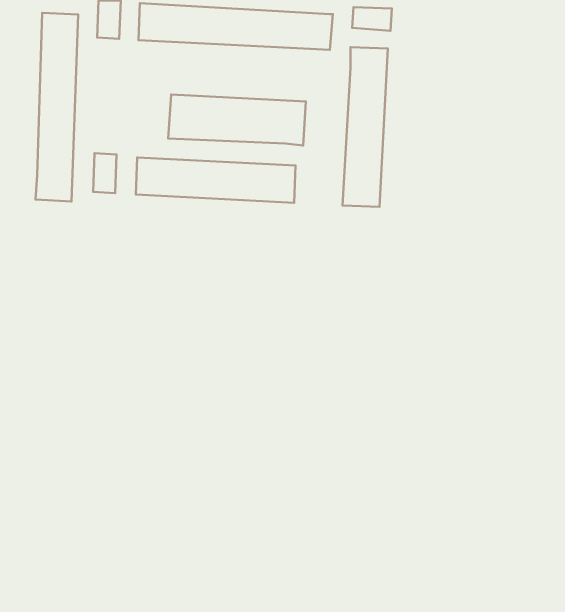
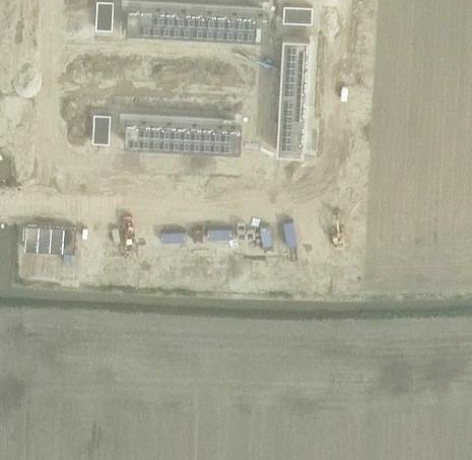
building: [35,13,78,201] -> none
building: [168,94,306,146] -> none

